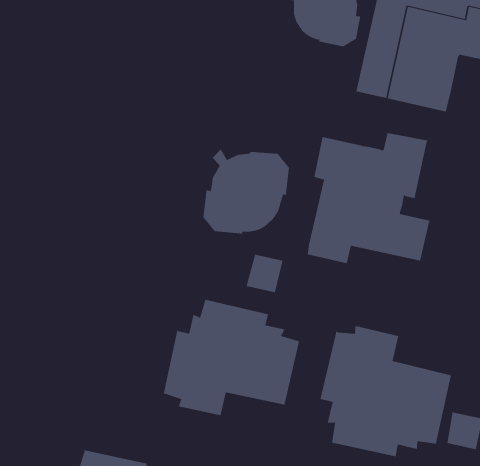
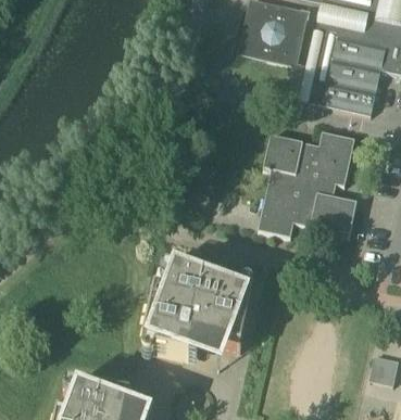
building: [203,149,290,234] -> none
building: [246,254,283,293] -> none
building: [320,325,451,457] -> none

